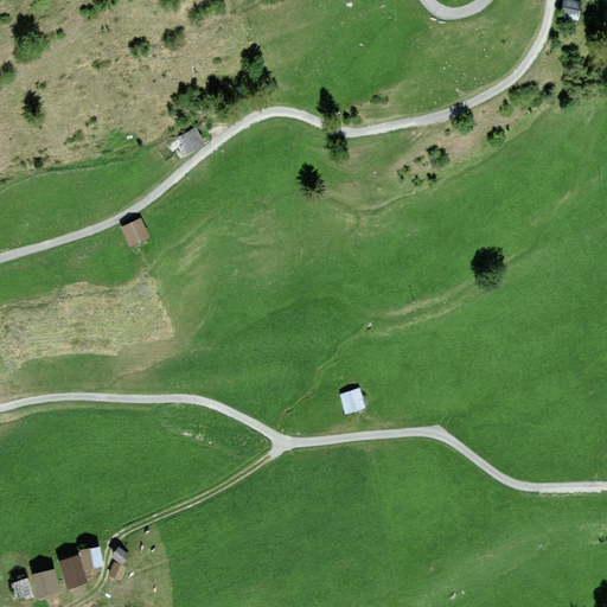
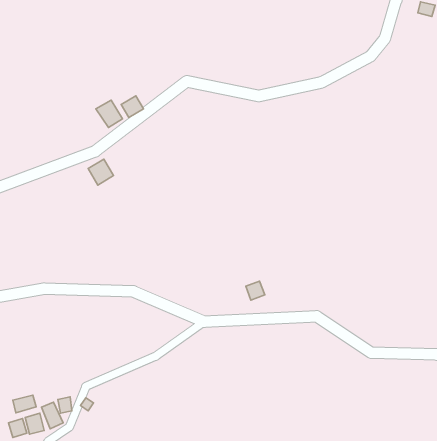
building: none -> [96,100,122,127]
building: none -> [13,395,36,413]

